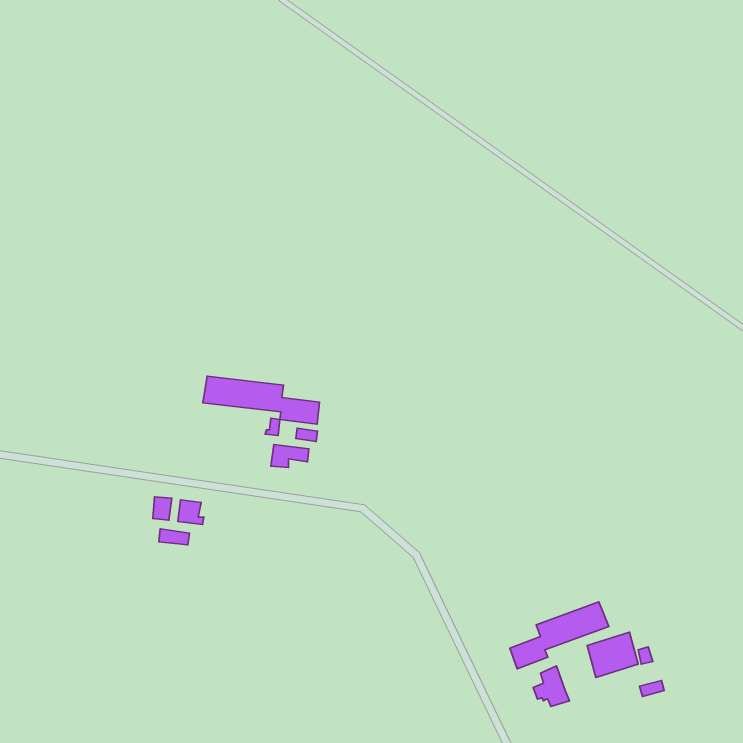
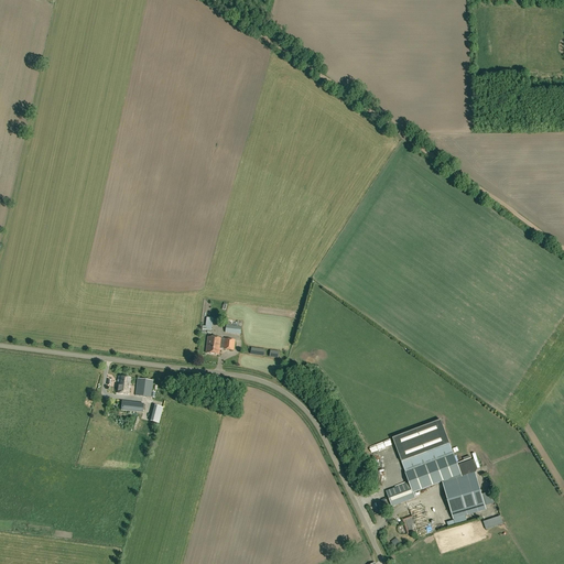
building: [203,376,319,424] -> none
building: none -> [392,420,453,473]

